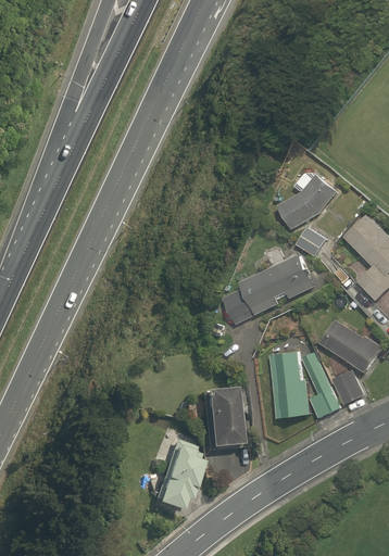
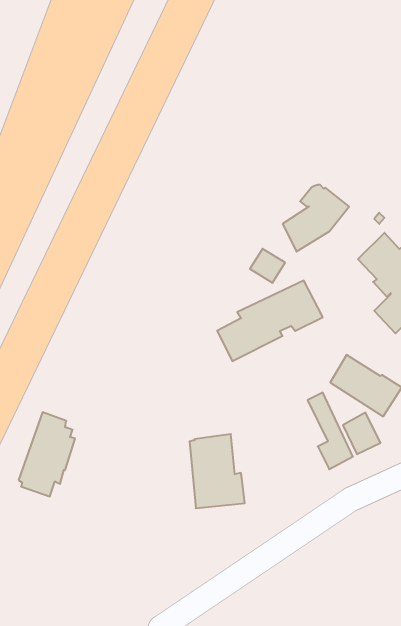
building: [296,227,326,256] -> [250,249,285,283]
building: [269,352,311,418] -> none
building: [152,440,201,513] -> [19,412,75,496]

